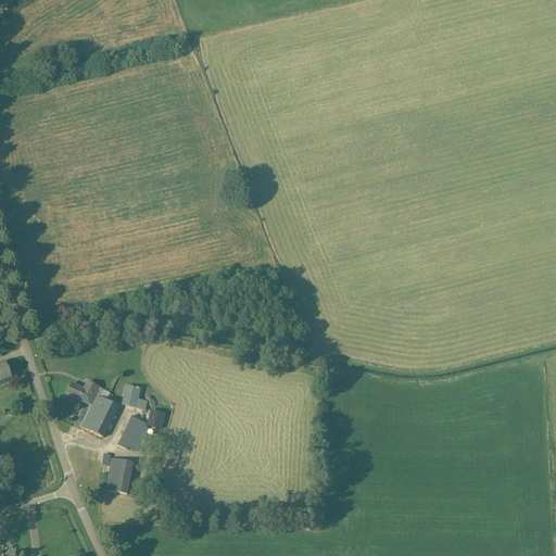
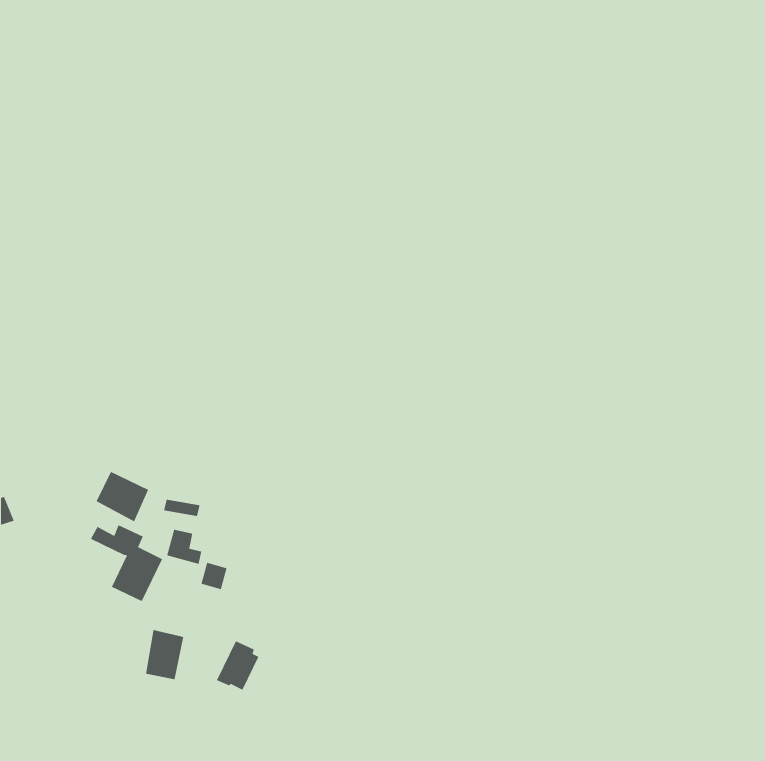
building: none -> [96,471,149,522]
building: [117,414,149,451] -> [216,640,259,691]

